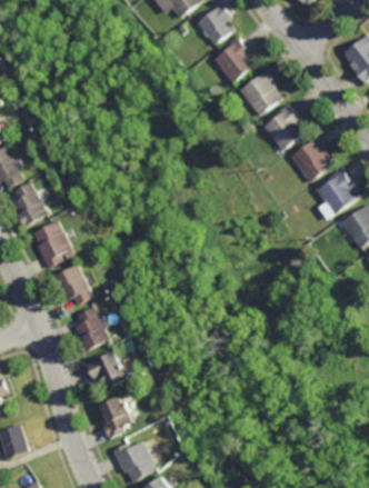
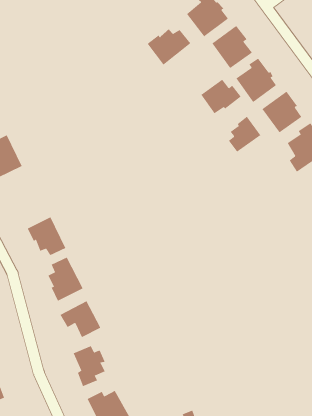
building: none -> [147,29,191,65]
building: none -> [200,79,241,114]
building: none -> [228,116,261,152]
building: [32,220,73,268] -> none

